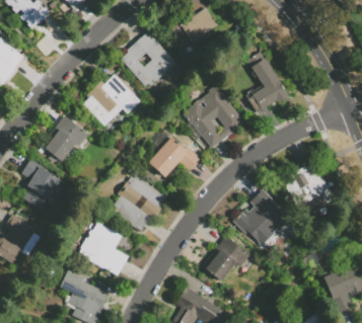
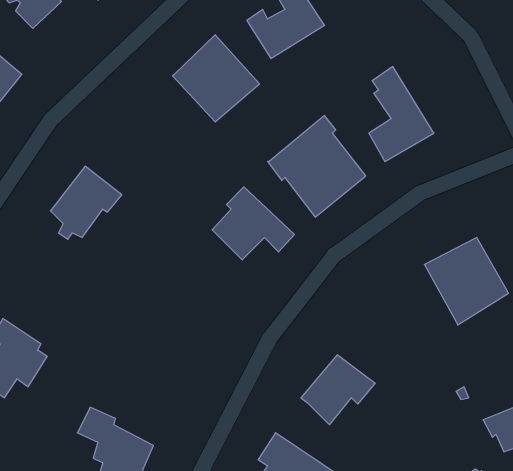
building: [84,75,140,126] -> none
building: [22,158,60,209] -> none
building: [111,174,166,232] -> none
building: [232,190,286,243] -> none
building: [79,223,129,276] -> none

